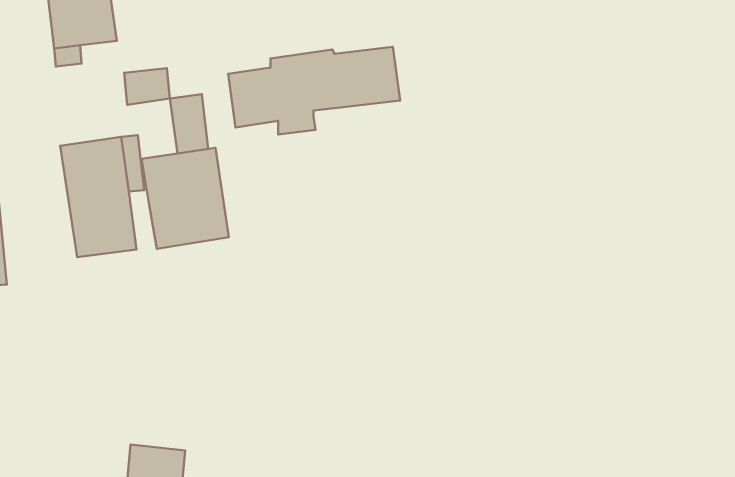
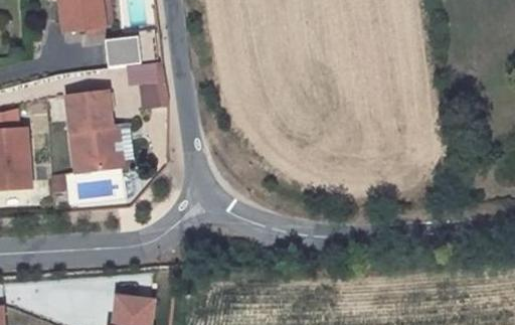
building: [228,47,400,134] -> none
building: [141,148,229,249] -> none

